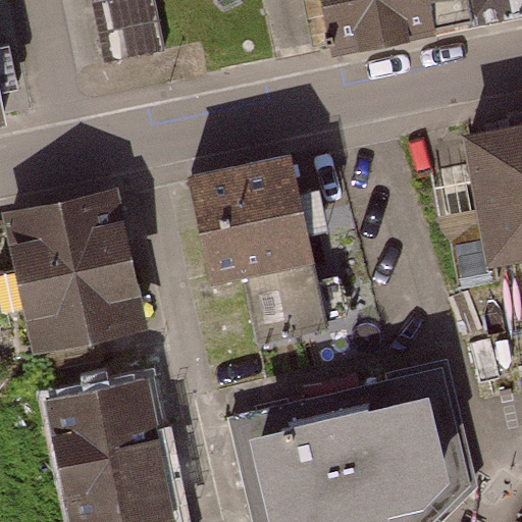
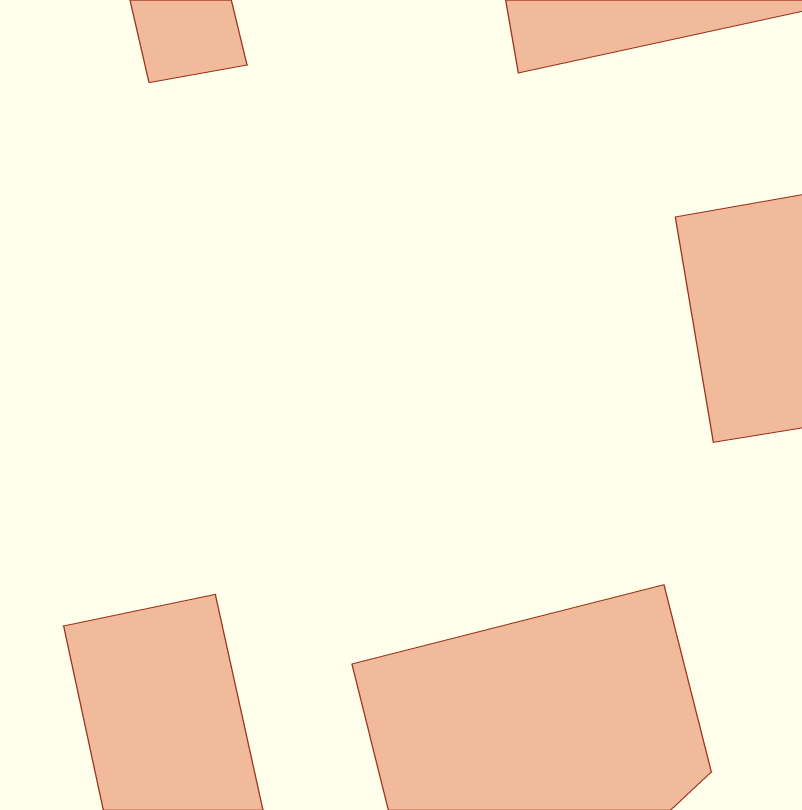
building: [185,157,335,337] -> none
building: [10,197,144,348] -> none

